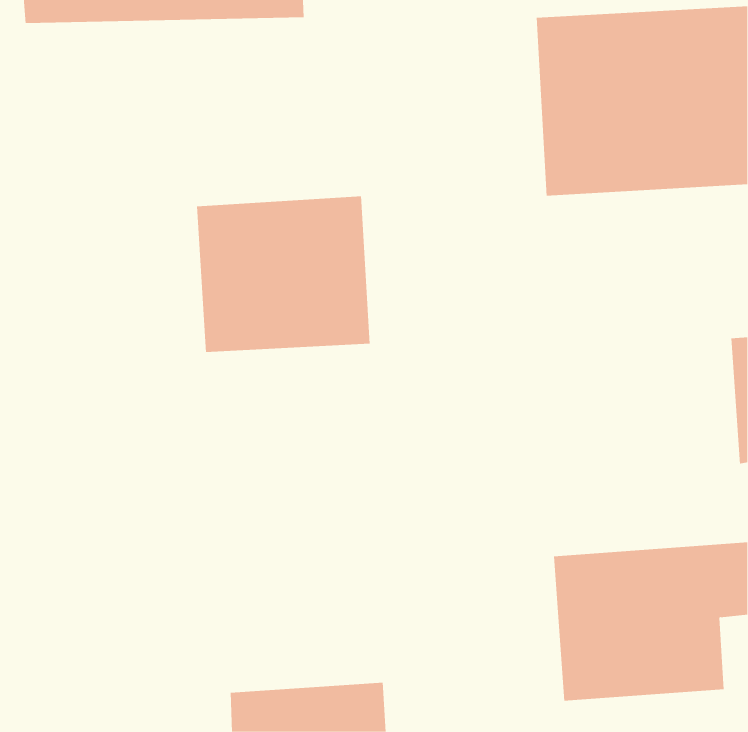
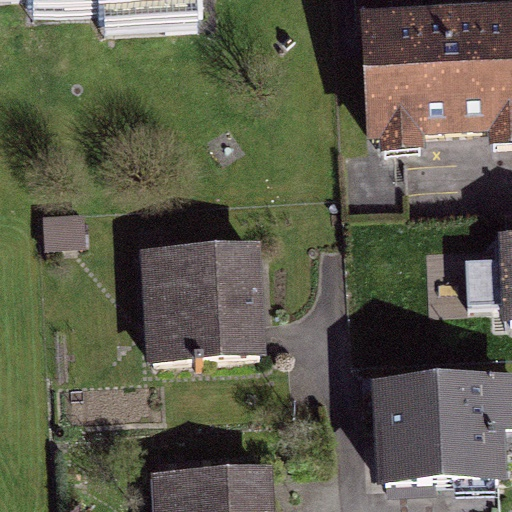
building: [196,196,370,353] -> [140,242,259,349]

